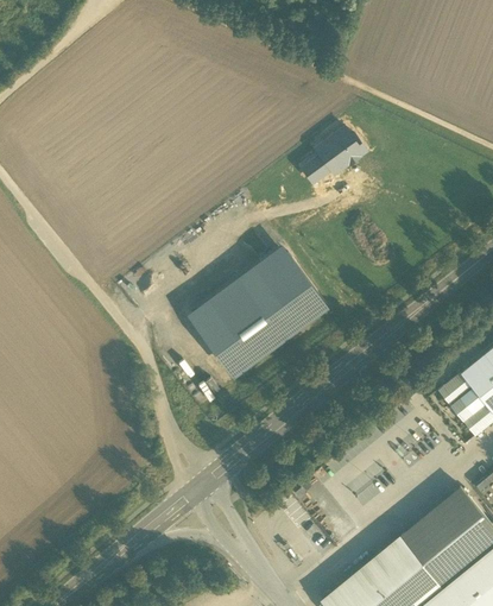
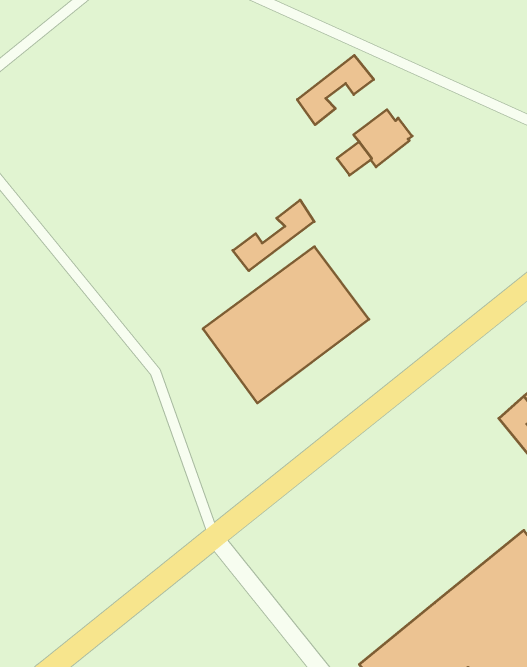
building: none -> [297,55,374,125]
building: none -> [233,200,314,271]

